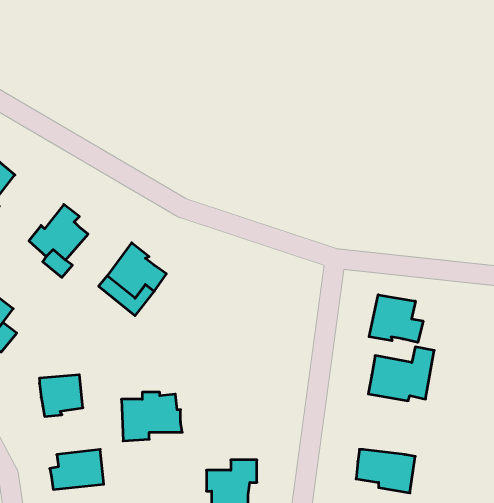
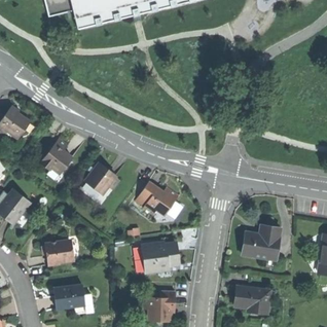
building: none -> [137,186,179,219]
building: [369,295,423,342] -> none
building: [121,392,182,441] -> [143,245,179,274]

